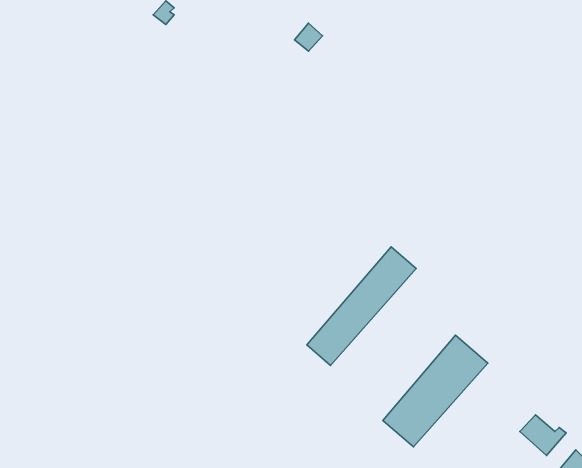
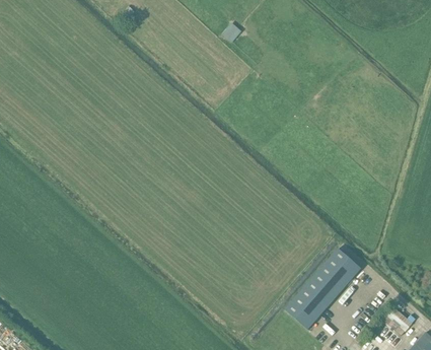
building: [307,247,416,366] -> none

